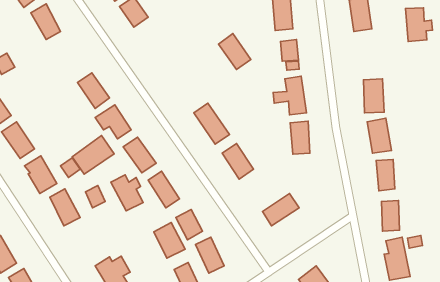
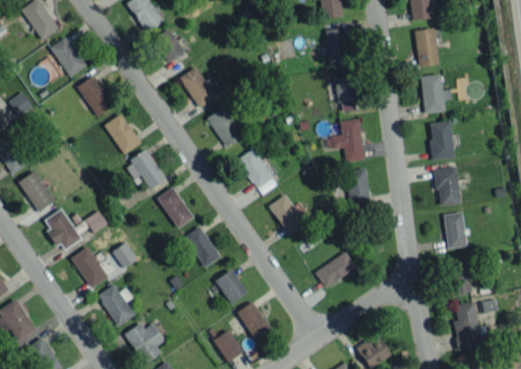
building: [406,8,432,42] -> [421,74,452,113]
building: none -> [179,66,217,108]
building: [219,34,251,69] -> [208,106,244,146]
building: none -> [77,75,115,116]
building: [72,136,114,174] -> none
building: [111,175,143,211] -> [99,285,135,325]
building: [154,223,185,258] -> none

